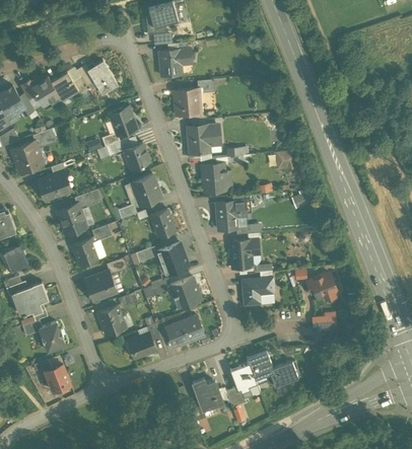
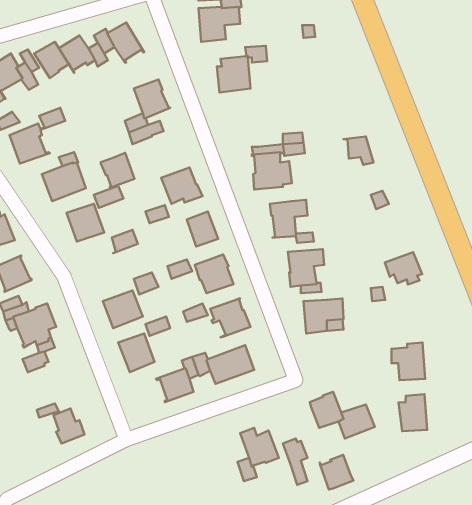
building: [188,125,220,154] -> none
building: [124,143,150,170] -> [101,153,134,188]
building: [72,238,98,266] -> none
building: [307,274,337,299] -> [385,252,422,285]
building: [40,321,65,352] -> none
building: none -> [398,394,427,431]
building: [230,363,257,390] -> [320,455,353,490]

